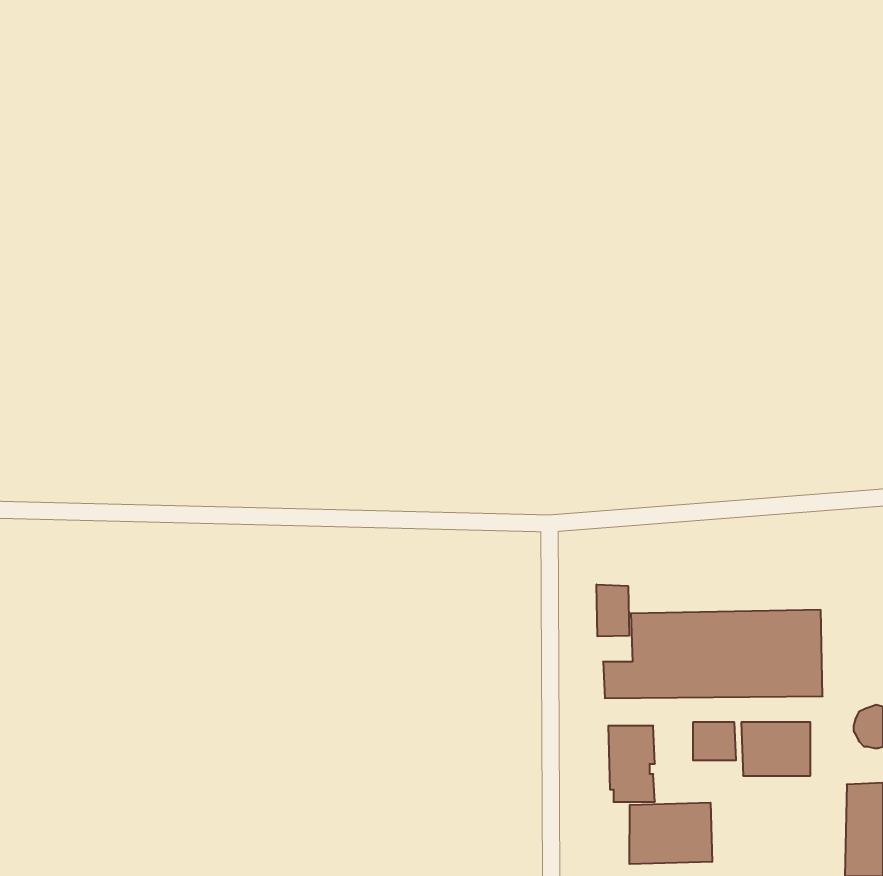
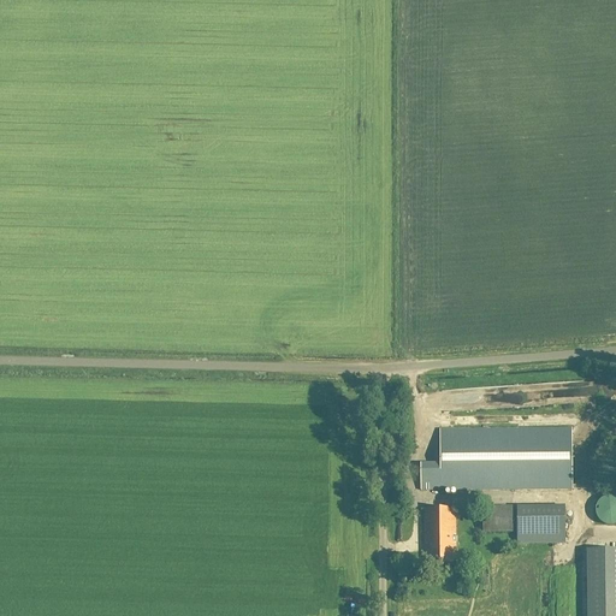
building: [597,584,629,636] -> none
building: [629,803,712,864] -> none

